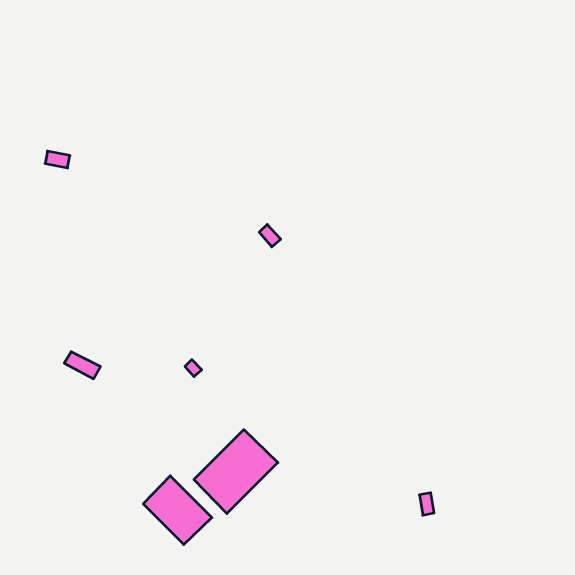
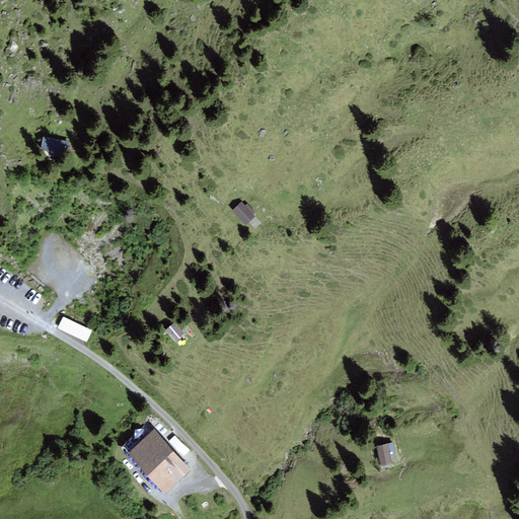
building: [194,430,278,514] -> none

